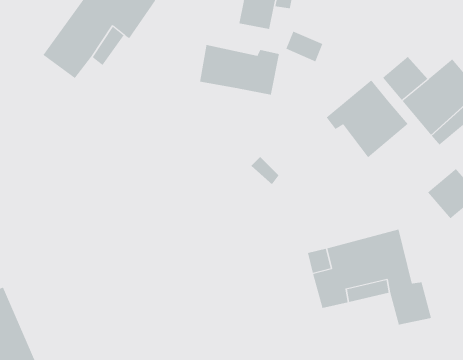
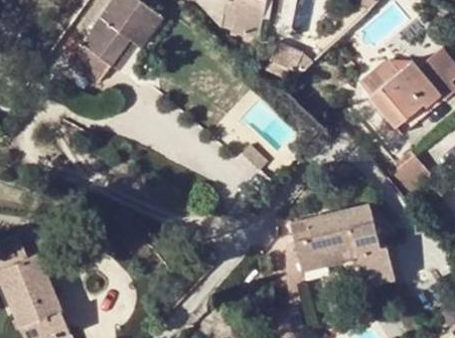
building: [199,44,279,95] -> none
building: [326,80,409,158] -> none

